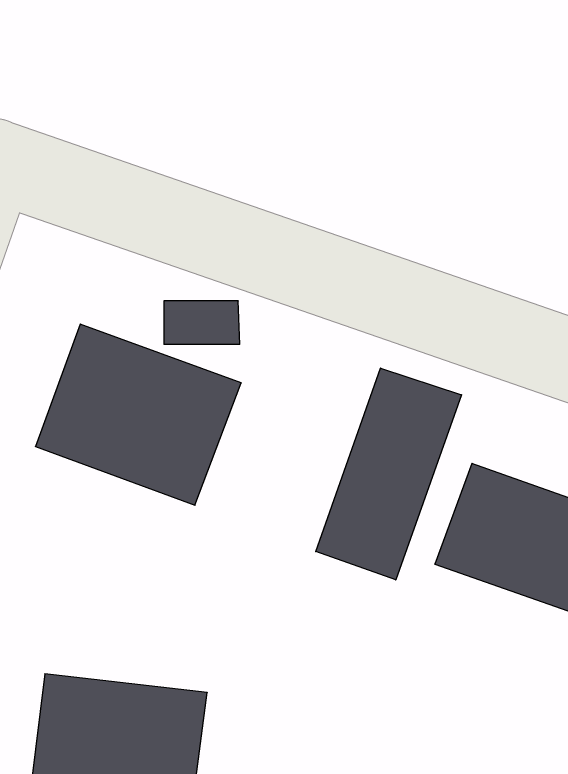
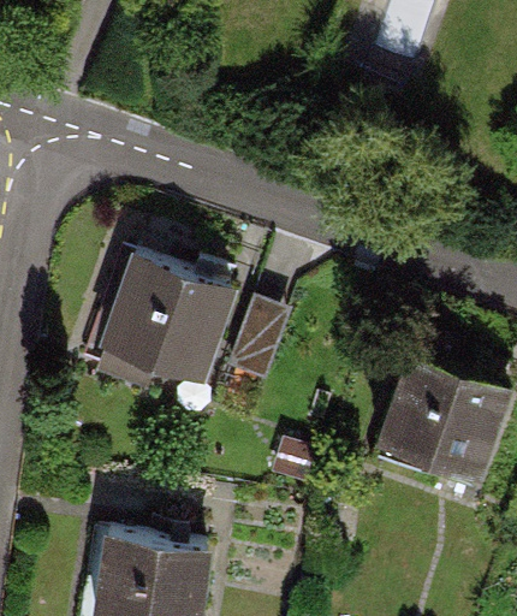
building: [316,368,462,580] -> none

